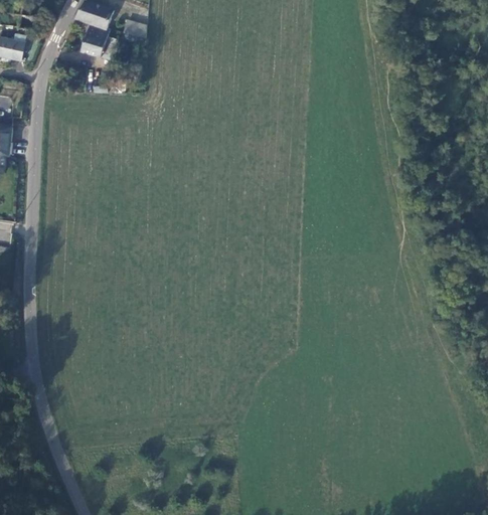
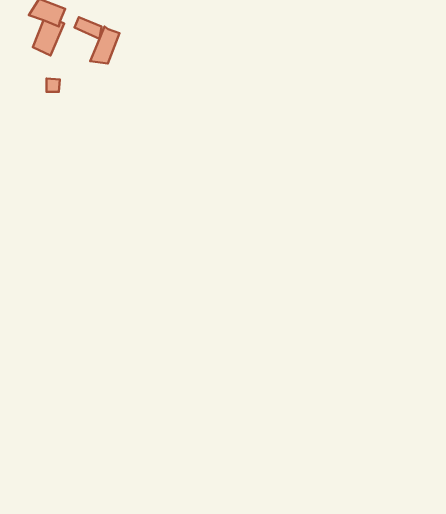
building: none -> [90,26,120,63]

